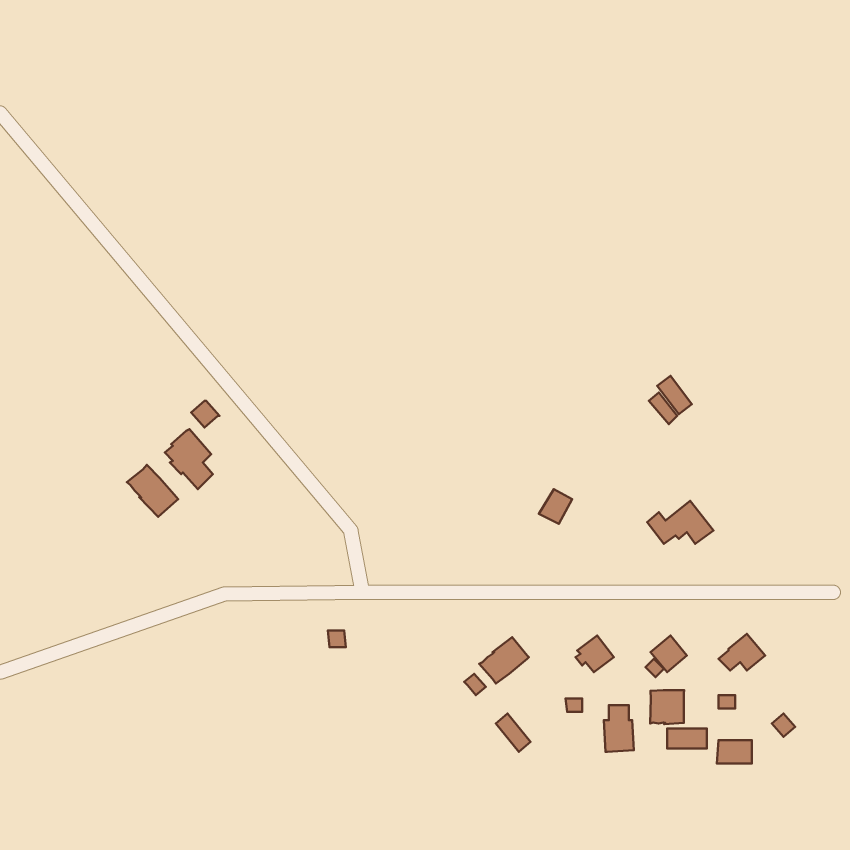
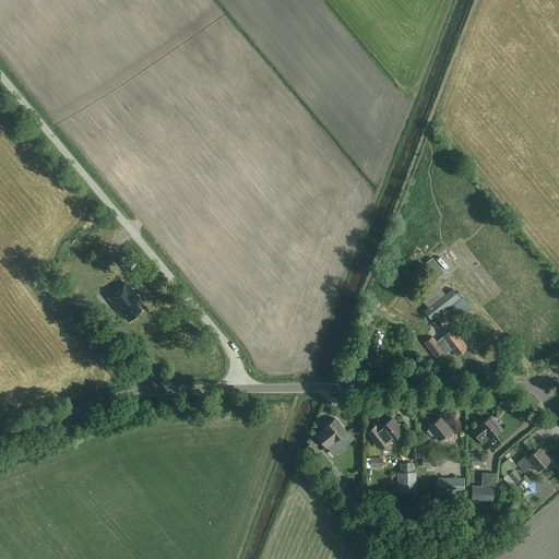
building: none -> [425,288,473,328]
building: [127,465,178,517] -> none
building: none -> [516,447,551,473]
building: [650,690,684,724] -> none

